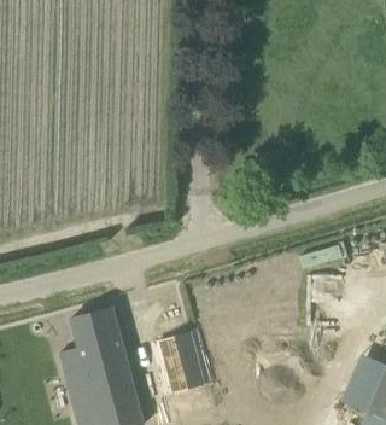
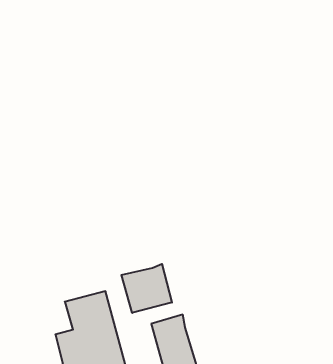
building: none -> [121,264,172,313]

